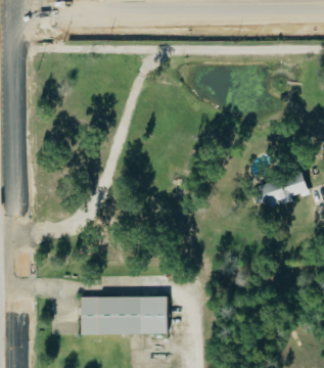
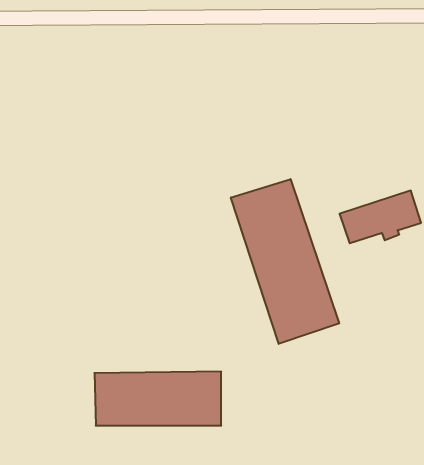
building: none -> [231,179,339,344]

